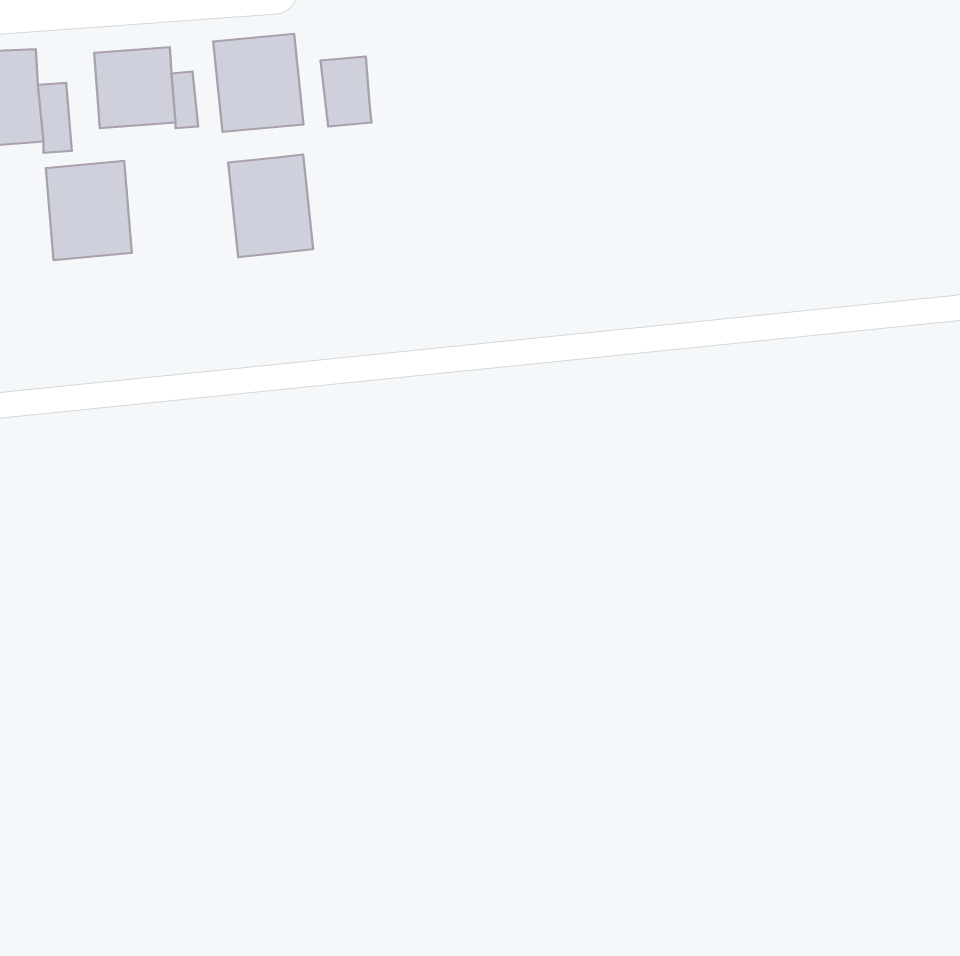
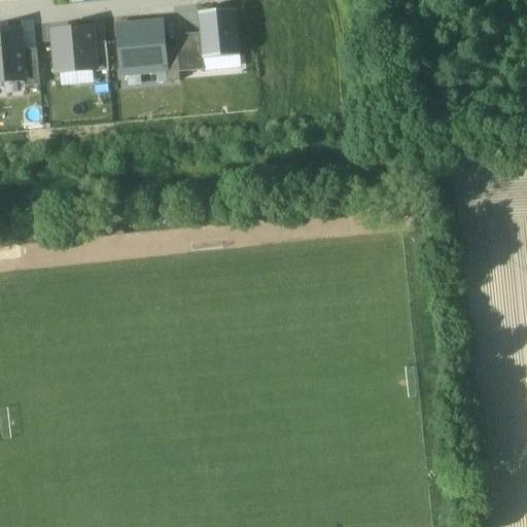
building: none -> [198,6,239,57]
building: [228,155,313,257] -> none
building: [46,161,132,260] -> none

